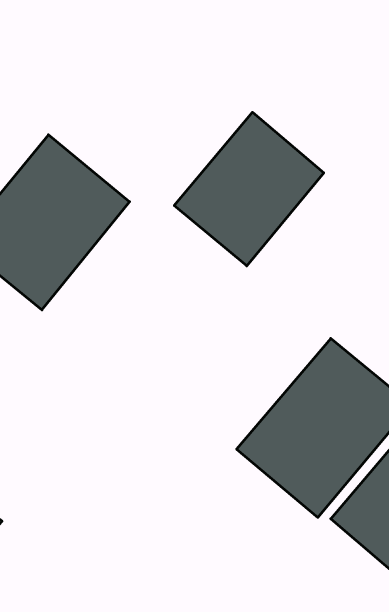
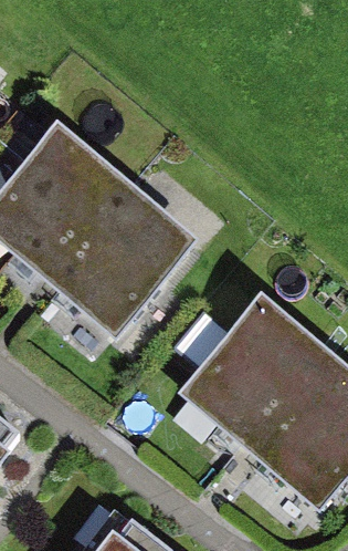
building: [174,112,324,266] -> none
building: none -> [42,196,186,343]

